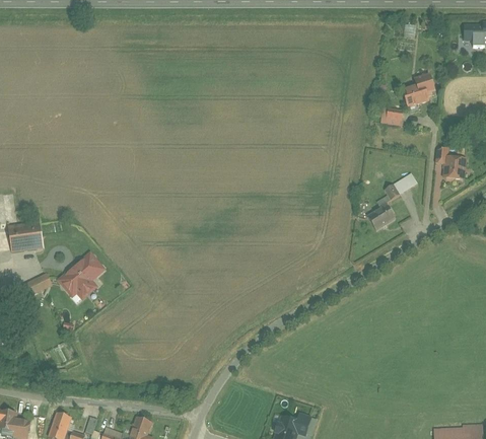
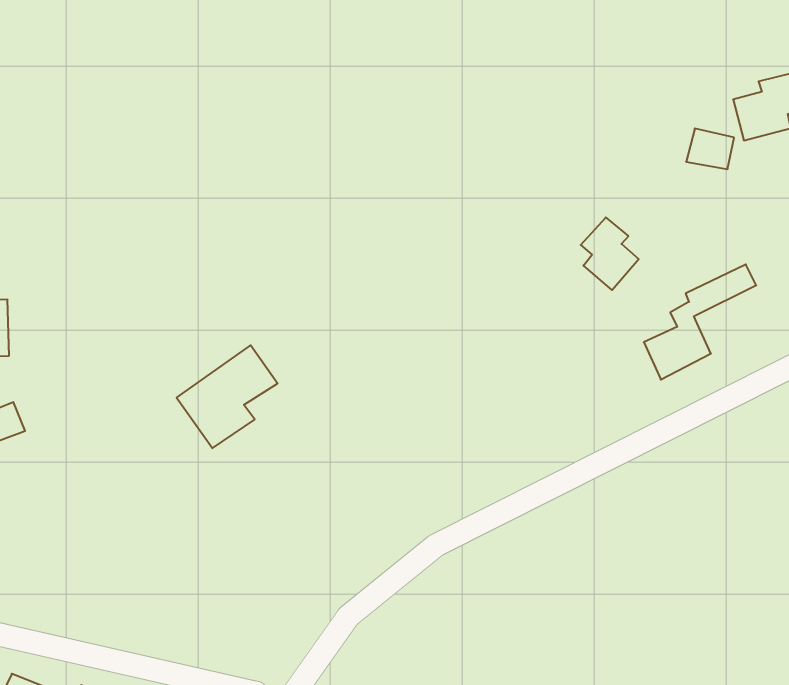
building: none -> [581,217,639,290]
building: [55,251,106,305] -> [177,345,278,448]

